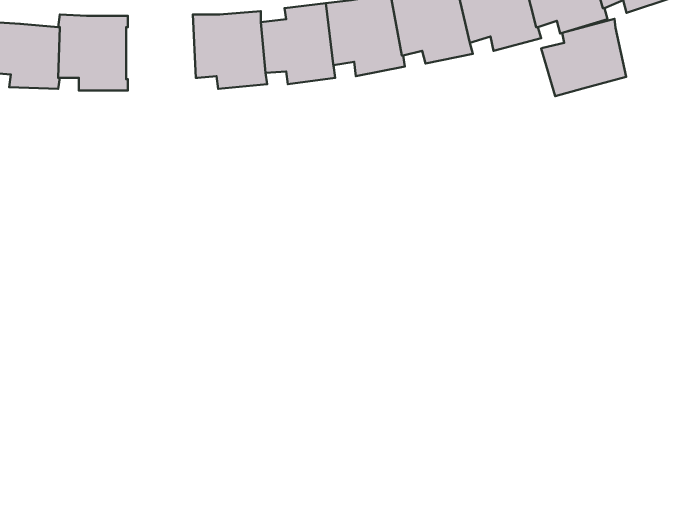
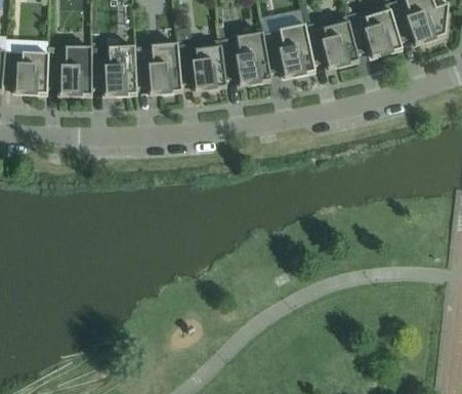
building: none -> [90,45,136,95]
building: [541,19,626,96] -> none

